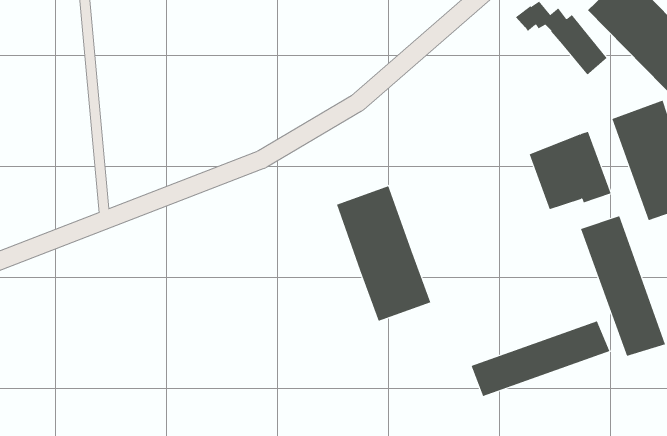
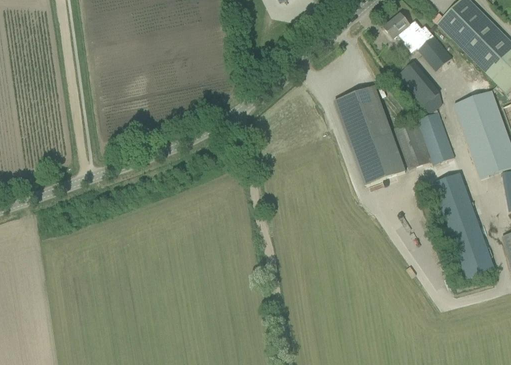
building: none -> [398,60,440,105]
building: [336,186,431,321] -> [336,85,406,185]
building: [471,321,610,397] -> none

